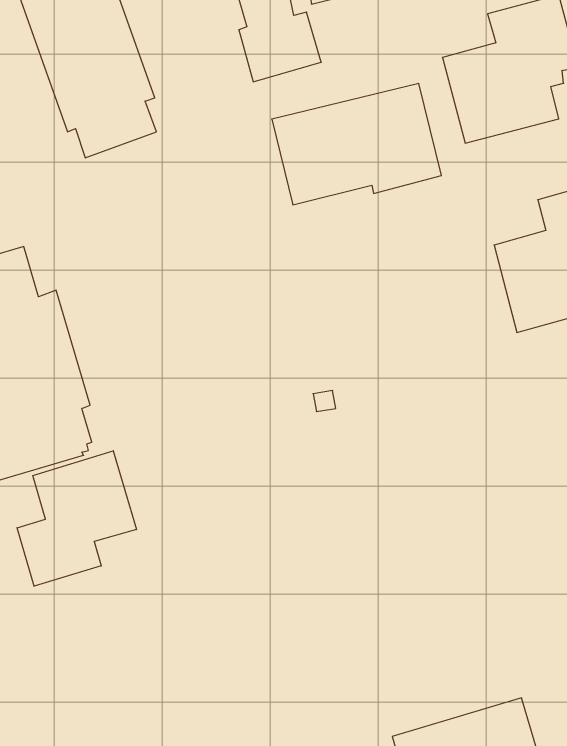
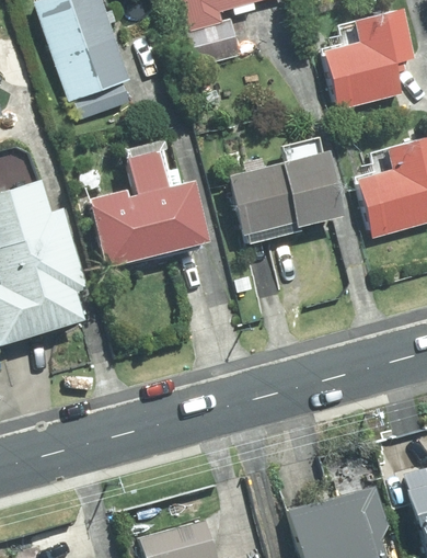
building: [272,83,441,205] -> [229,152,344,235]
building: none -> [89,149,208,267]
building: [17,451,136,586] -> none

